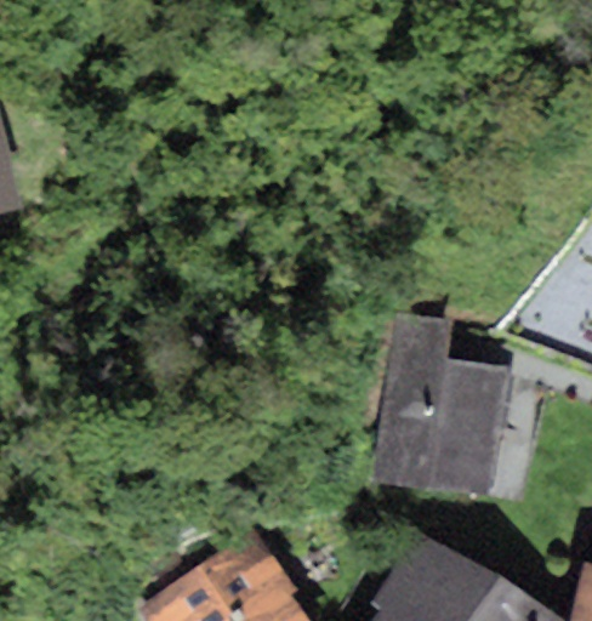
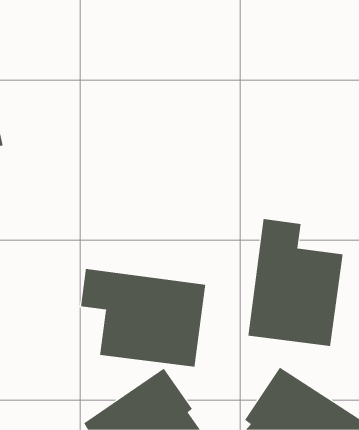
building: none -> [80,268,206,367]

